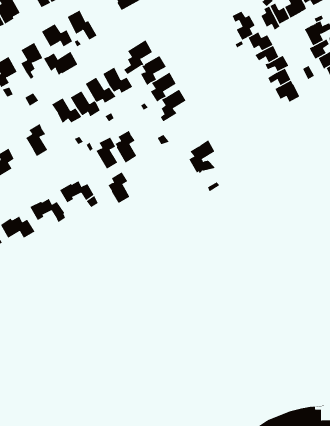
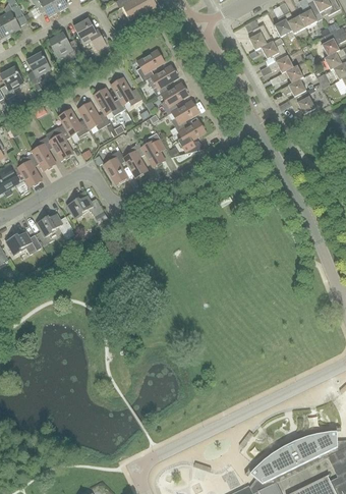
building: [43,51,78,76] -> none
building: none -> [47,125,72,160]
building: [189,140,215,174] -> [177,119,205,155]
building: none -> [17,153,41,186]
building: [107,171,130,204] -> [140,132,164,166]

